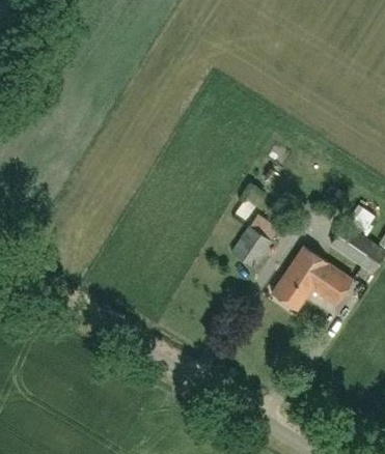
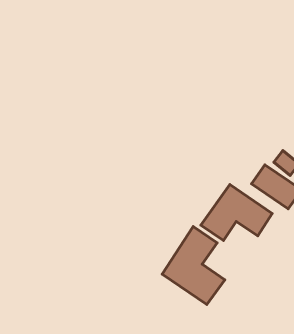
building: [227,224,270,267] -> none
building: none -> [162,227,225,305]

